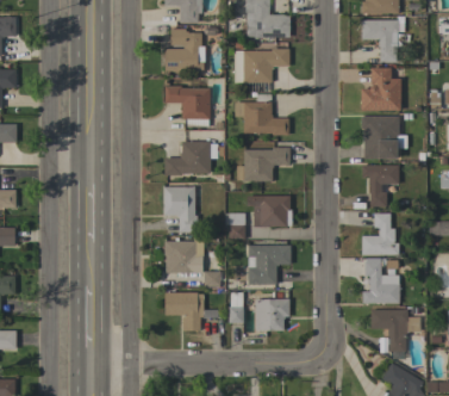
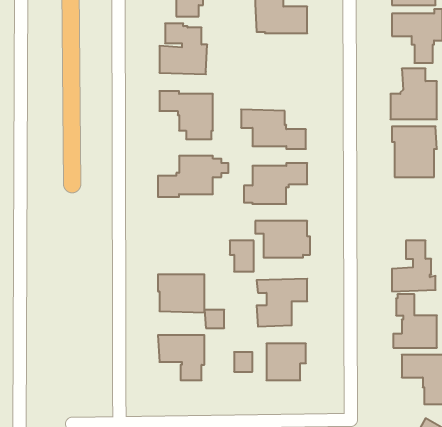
building: [235,48,289,82] -> none
building: [362,165,399,206] -> none
building: [164,186,198,231] -> none

